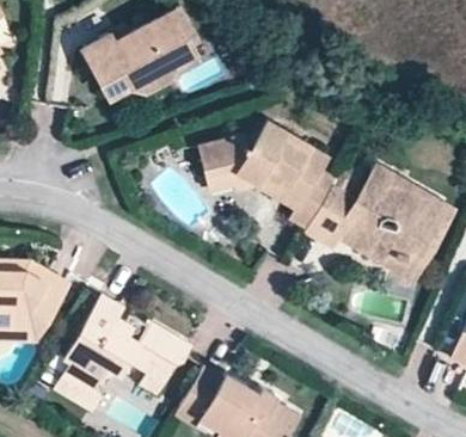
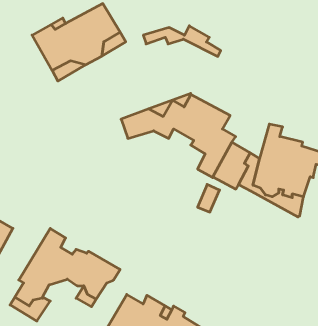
building: [201,166,298,204] -> [143,26,221,56]

